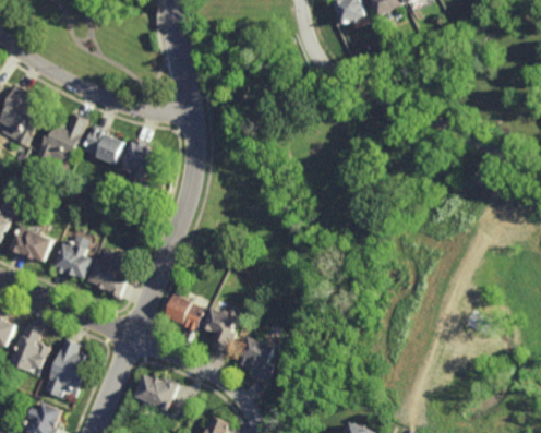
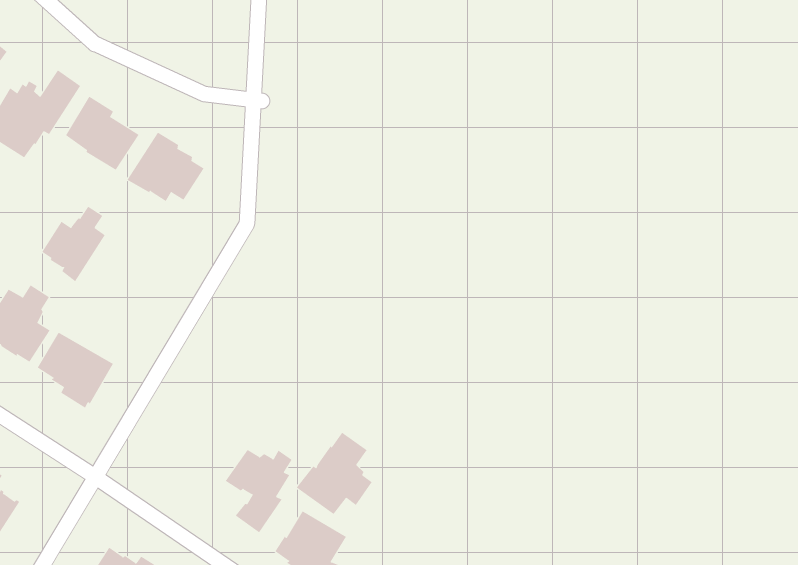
building: none -> [41,206,105,282]
building: none -> [296,432,373,515]
building: [166,296,205,333] -> none

